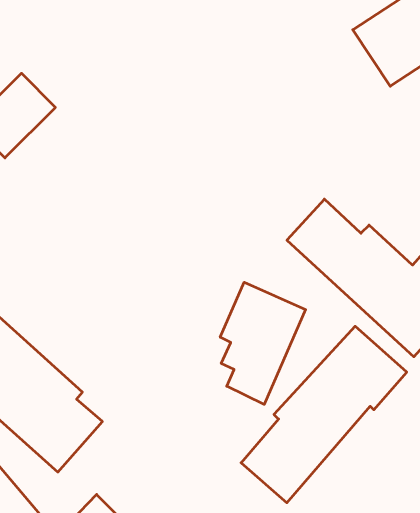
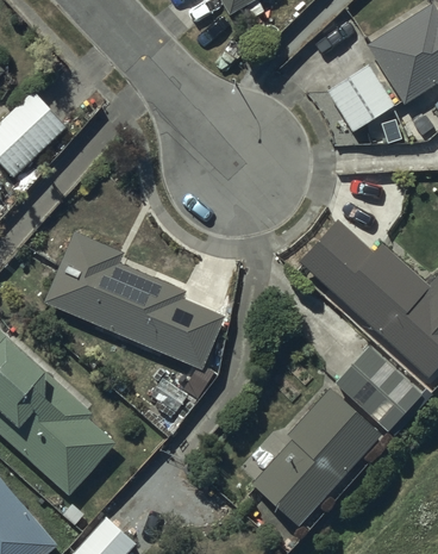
building: none -> [327,66,394,131]
building: none -> [44,231,223,369]
building: [220,282,306,404] -> none

